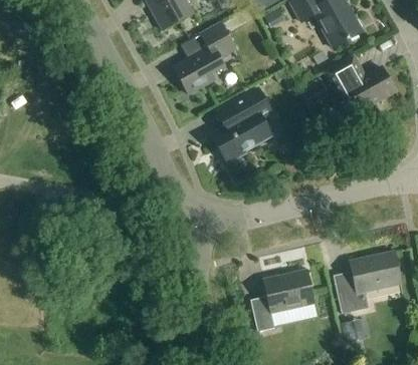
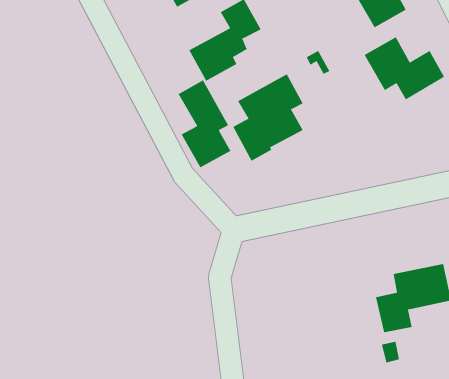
building: none -> [178,80,231,168]
building: [250,270,314,331] -> none

